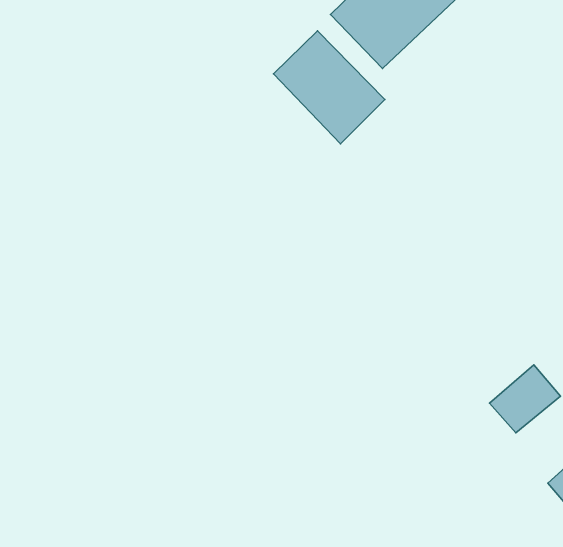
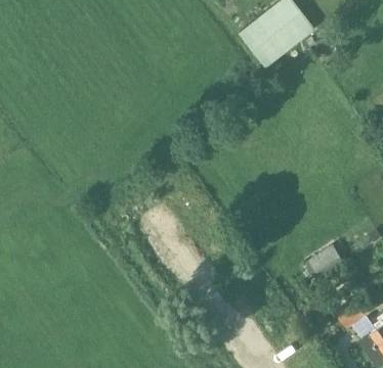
building: [273,31,385,144] -> none

